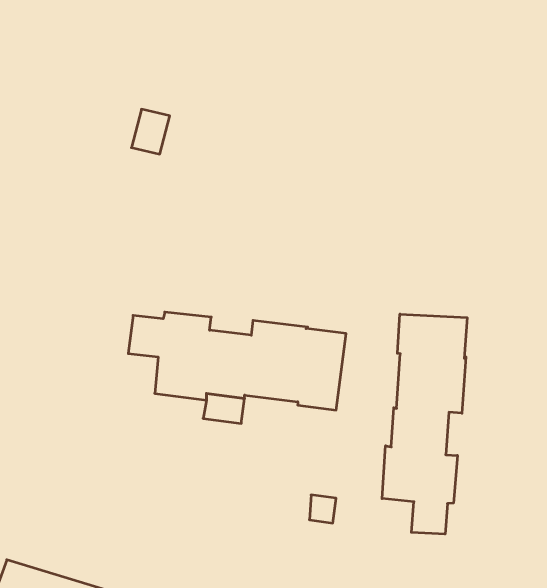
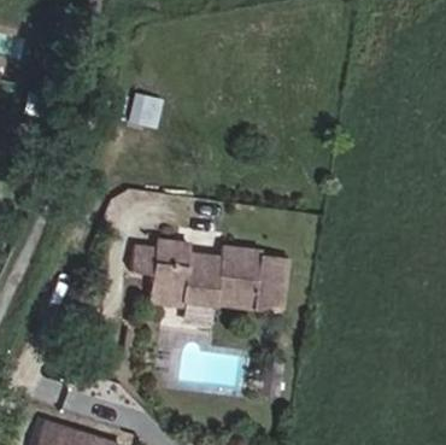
building: [382,314,467,534] -> none

